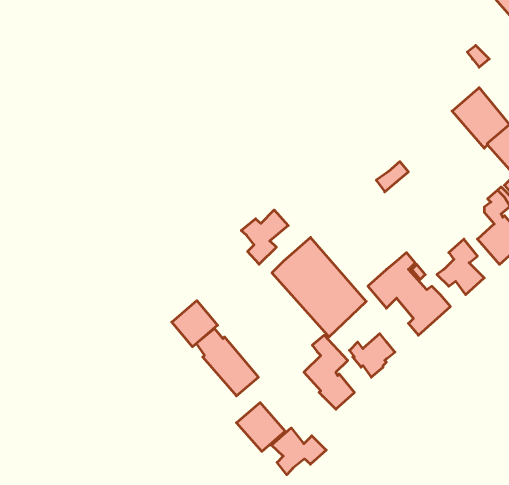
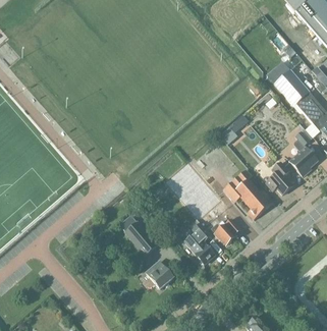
building: [241,210,288,264] -> none
building: [172,301,218,347] -> none
building: [271,428,326,475] -> none

